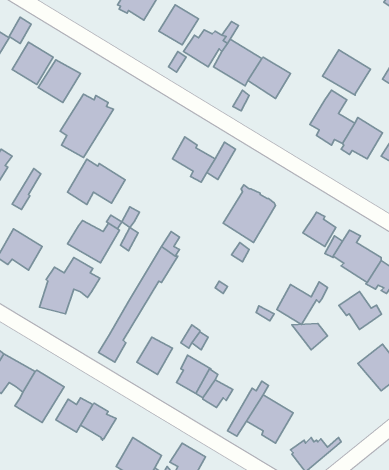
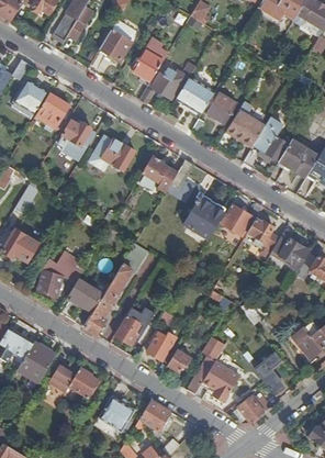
building: [322,50,370,95] -> [226,110,265,146]
building: [68,159,125,205] -> [89,133,135,169]
building: [67,220,120,263] -> [66,279,108,313]
building: [277,282,328,324] -> [222,202,262,236]
building: [339,291,382,330] -> none
building: none -> [254,351,284,395]

